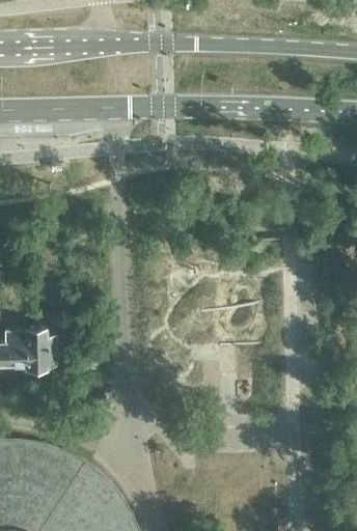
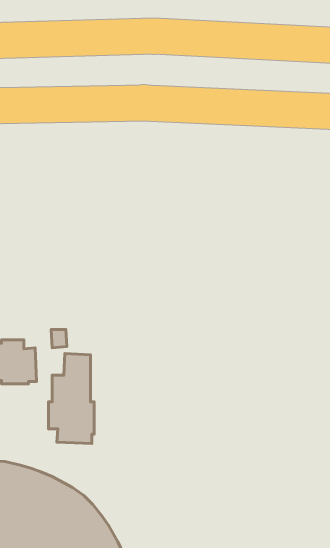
building: none -> [48,354,94,444]

